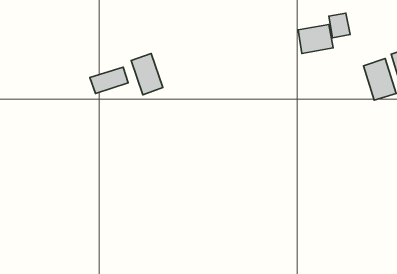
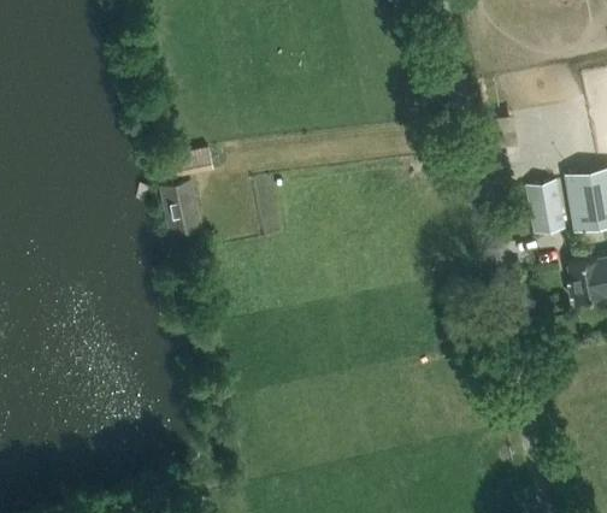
building: [298,25,333,54] -> none
building: [131,53,163,95] -> [163,181,200,234]

